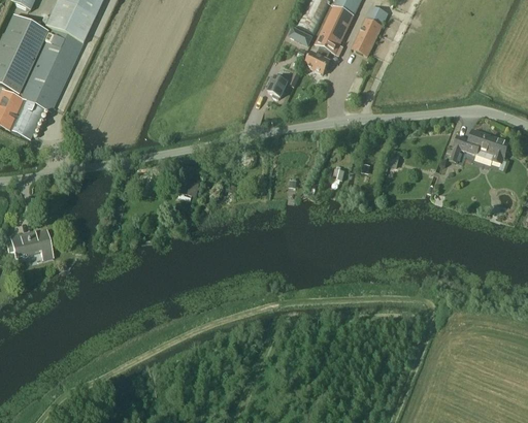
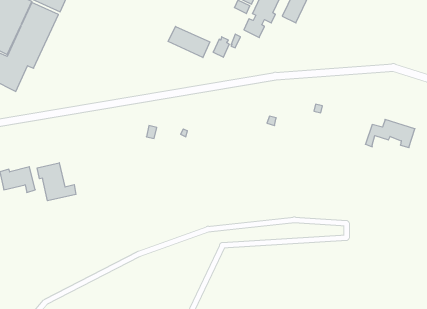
building: none -> [168,26,210,58]
building: [449,129,508,163] -> [365,119,415,148]
building: none -> [37,163,76,201]

